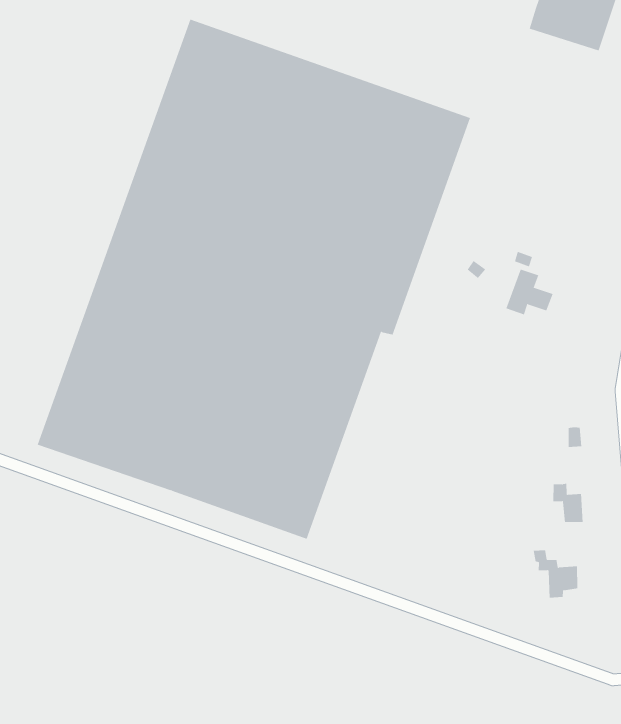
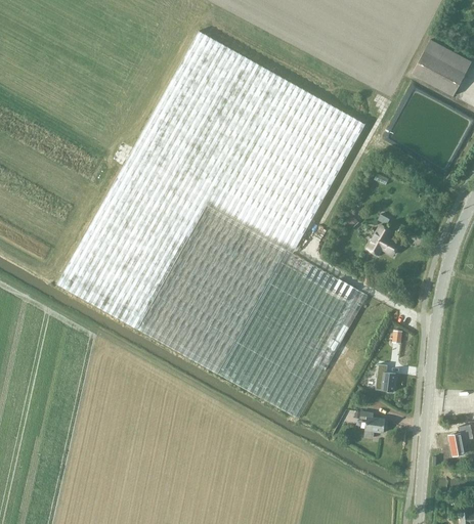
building: none -> [218,250,368,418]

